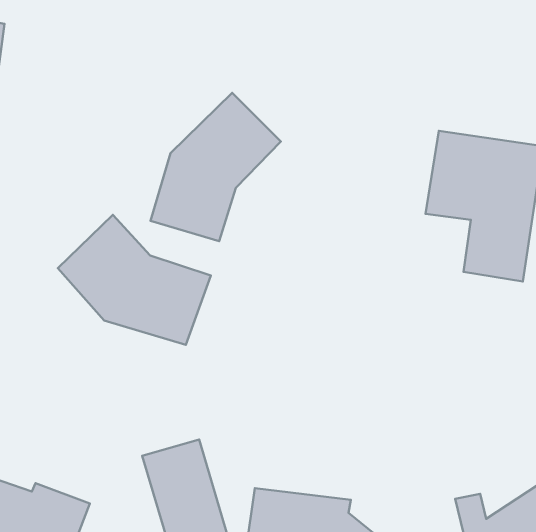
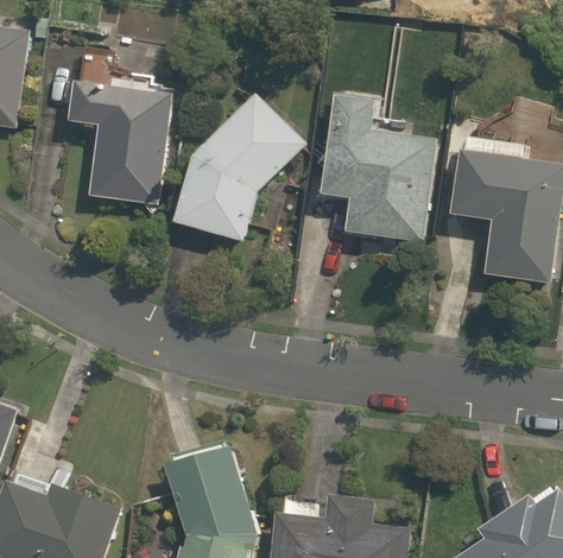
building: none -> [70,75,176,208]
building: none -> [322,94,431,249]
building: [58,215,211,345] -> none

